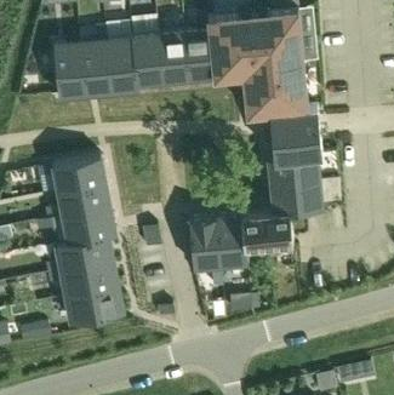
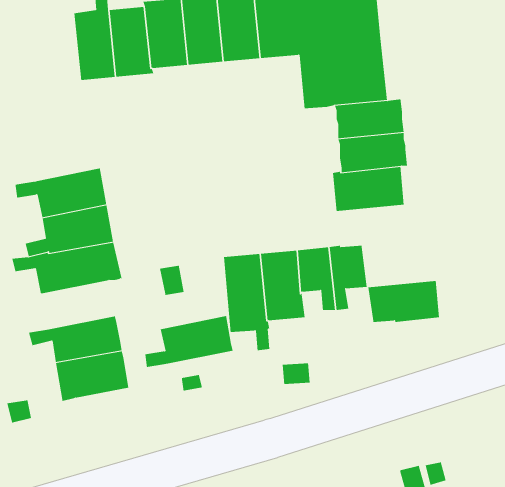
building: [53,44,86,95] -> none
building: [270,182,322,212] -> [368,280,440,322]
building: [47,236,112,274] -> [145,316,234,368]

